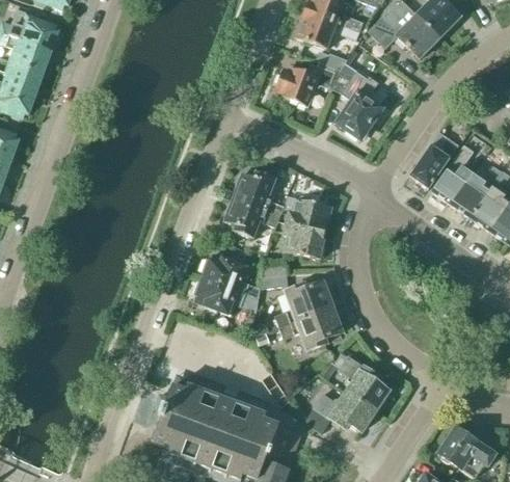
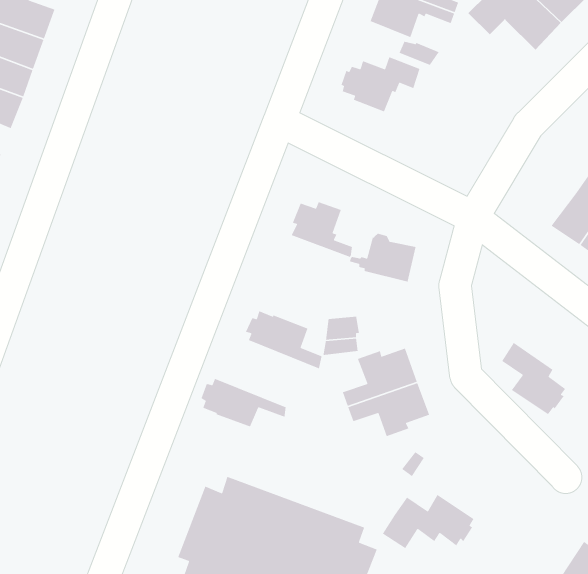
building: [337,71,383,138] -> none
building: [409,131,450,188] -> none
building: [224,197,280,237] -> none
building: [285,224,325,259] -> none
building: [193,276,258,314] -> [201,378,286,427]
building: [339,355,387,410] -> [501,342,566,415]

